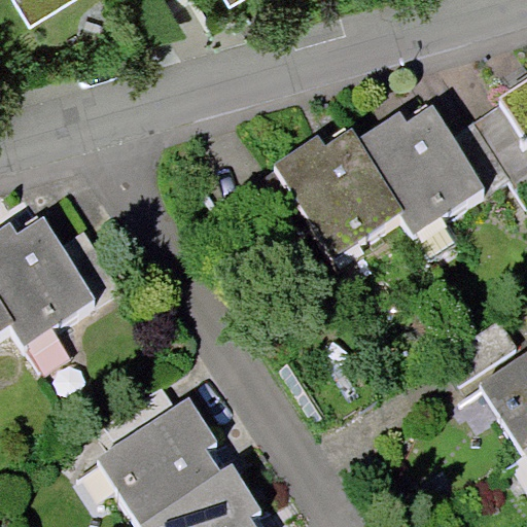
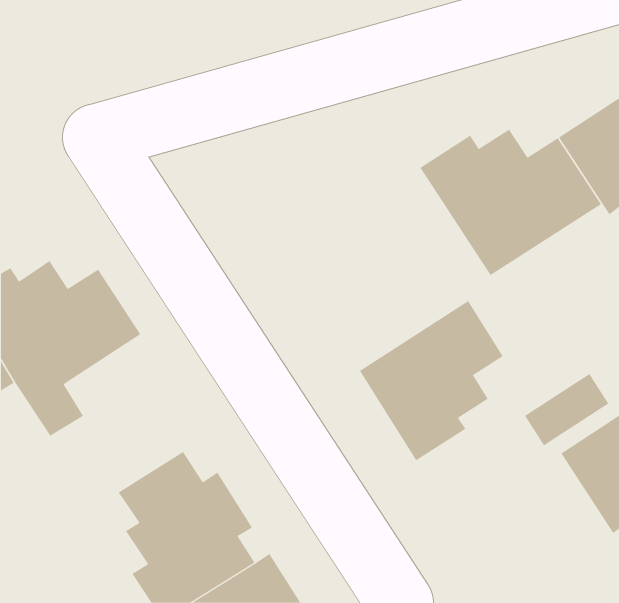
building: [250,133,403,245] -> none
building: none -> [359,300,503,461]

